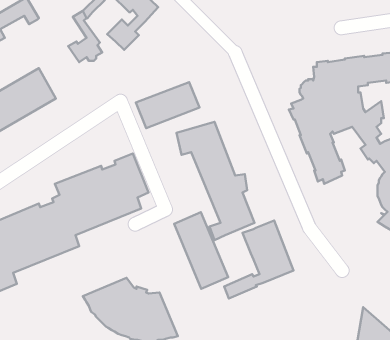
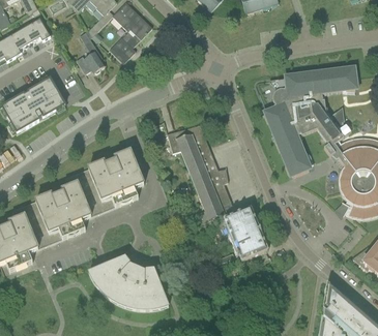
building: [136,82,199,128] -> none
building: [174,212,228,289] -> none

